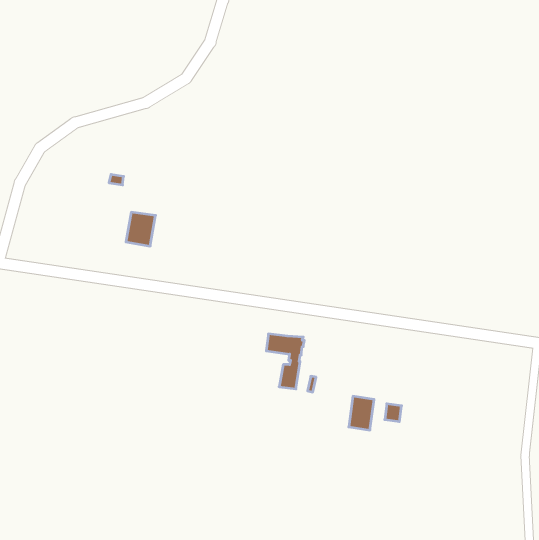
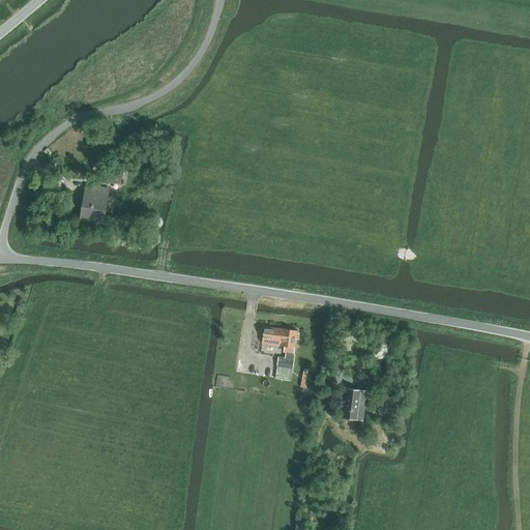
building: [126,212,156,246] -> [80,186,109,219]

